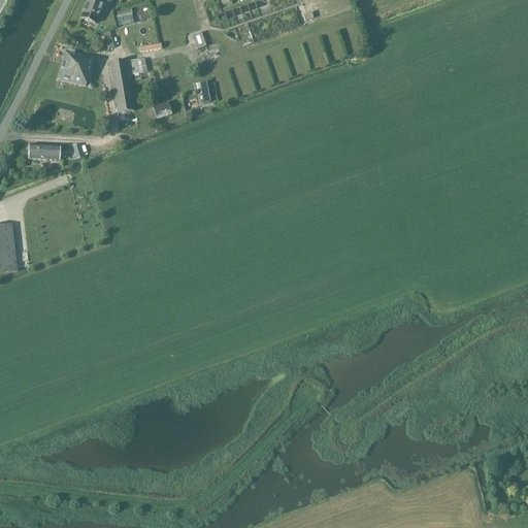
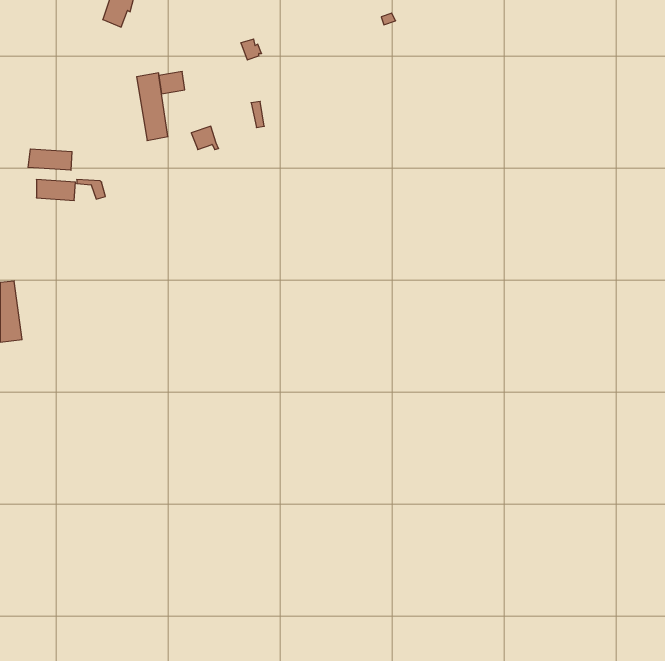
building: [57,50,95,85] -> none
building: none -> [28,149,72,170]

